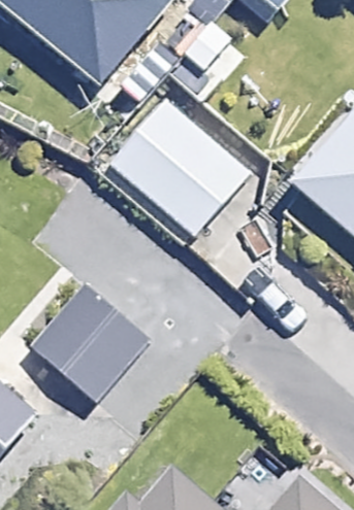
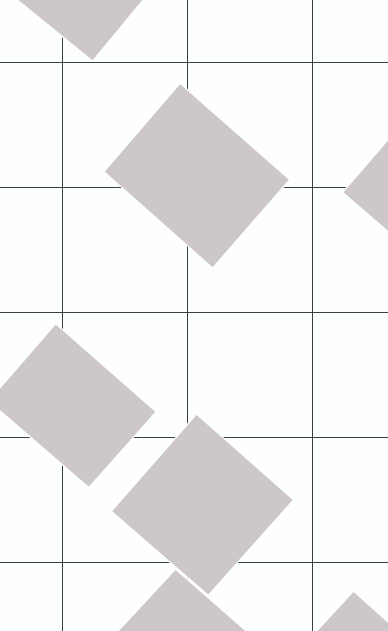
building: none -> [111,414,294,595]

